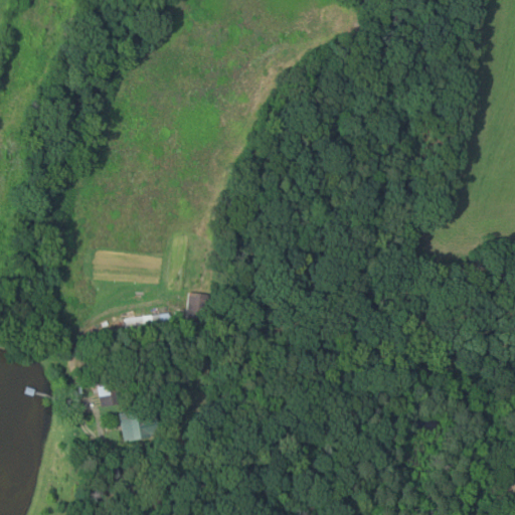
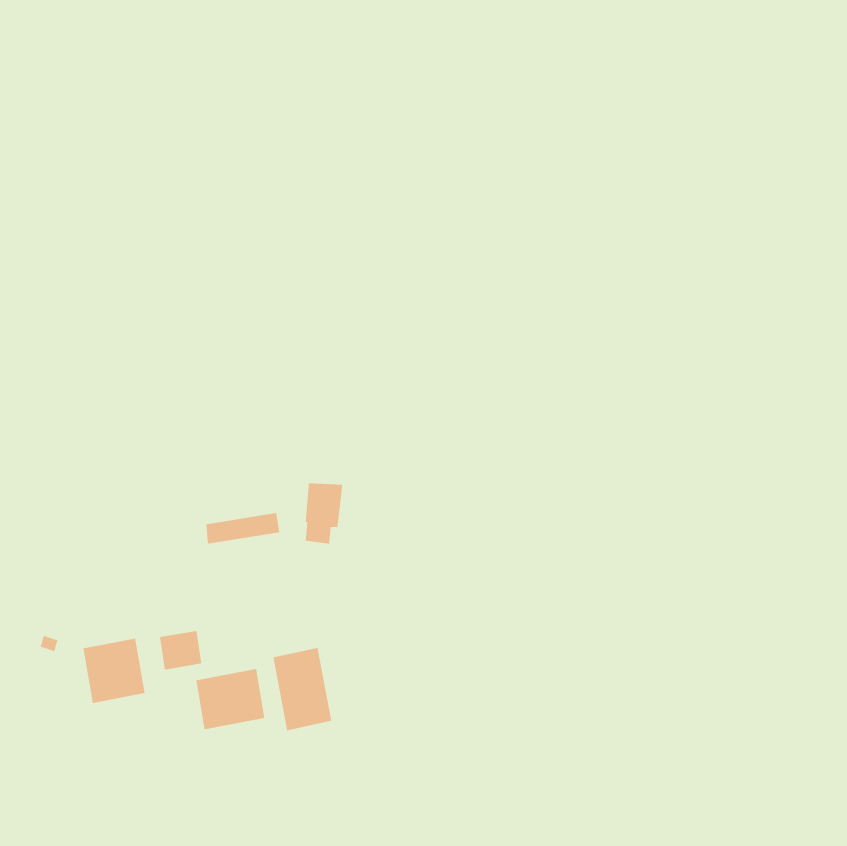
building: none -> [83,638,145,704]
building: none -> [273,647,332,731]

